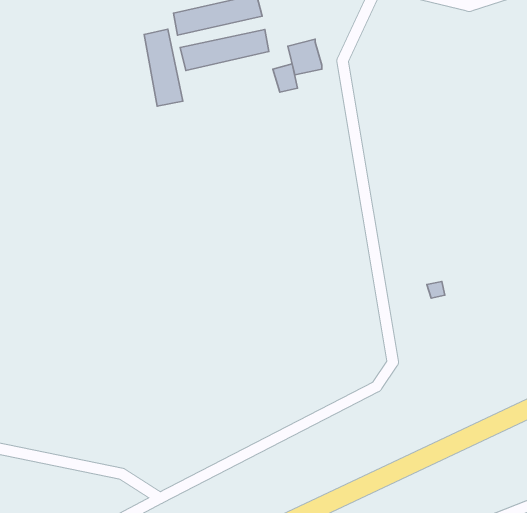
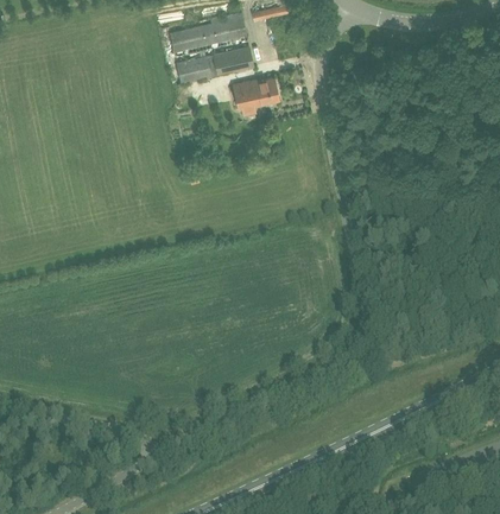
building: [144,29,183,106] -> none
building: [288,39,322,75] -> [233,77,262,108]

